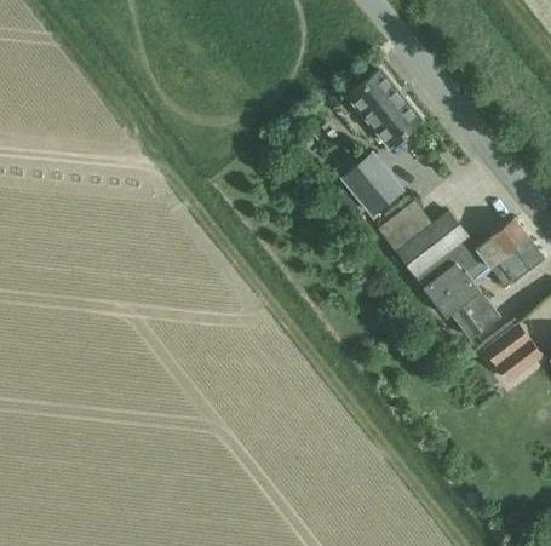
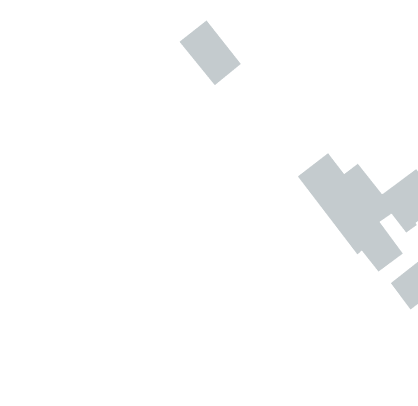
building: [346,69,419,145] -> [178,20,242,86]
building: [341,154,400,213] -> none

